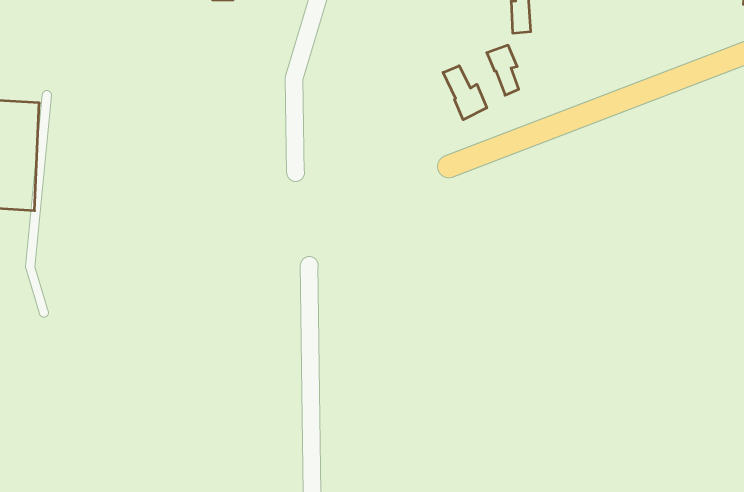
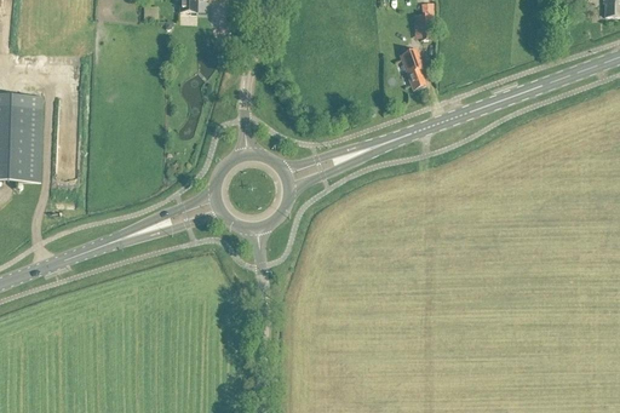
building: [443,66,487,120] -> none

